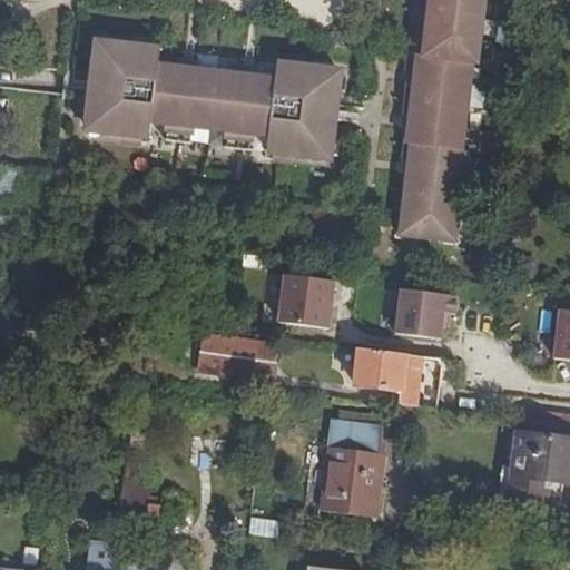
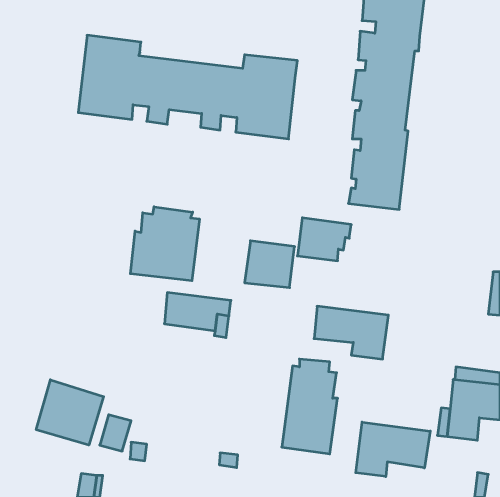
building: none -> [130,207,199,281]
building: [396,289,458,338] -> [297,218,351,261]
building: none -> [36,380,104,445]
building: none -> [356,422,430,477]

